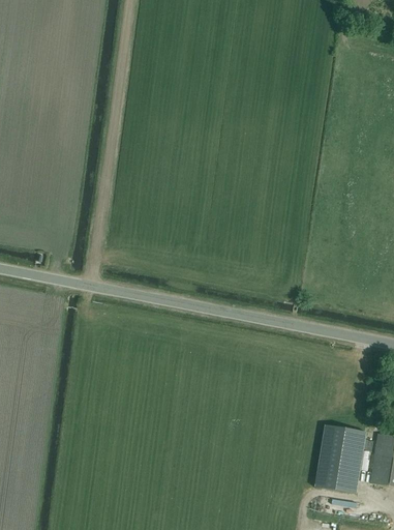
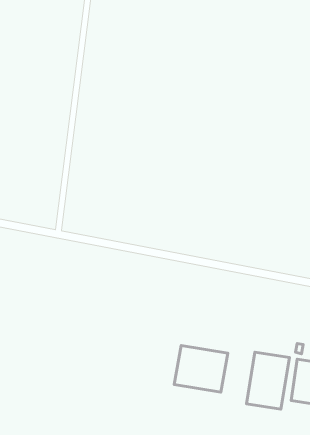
building: none -> [174,345,228,392]

